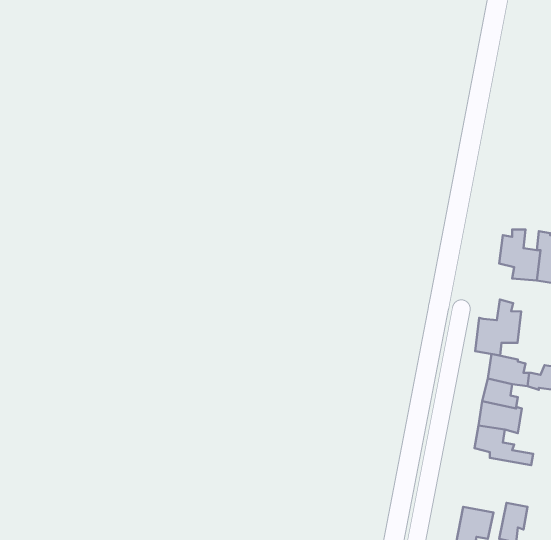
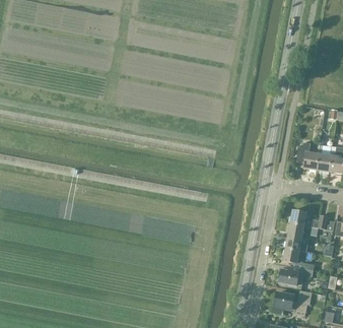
building: [475,300,521,355] -> none
building: none -> [277,265,313,285]

